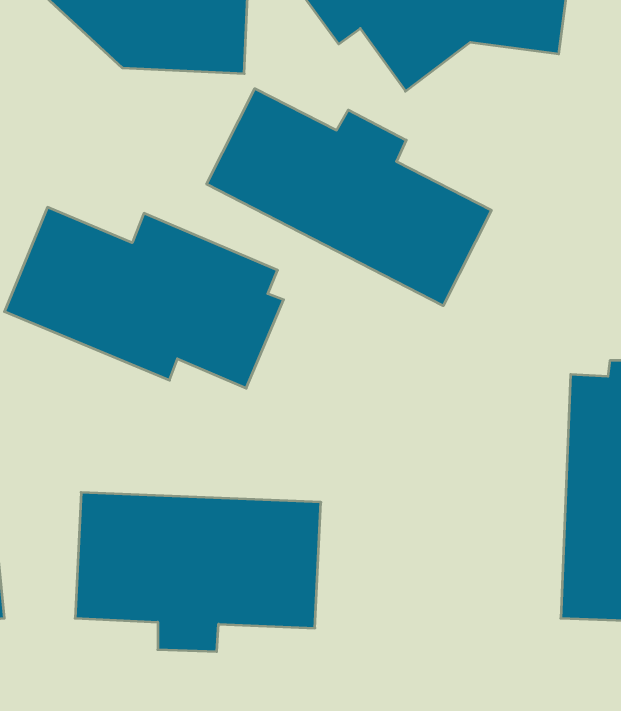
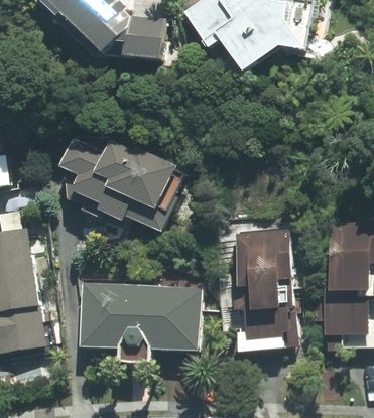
building: [207,89,491,306] -> none
building: none -> [219,221,294,350]

